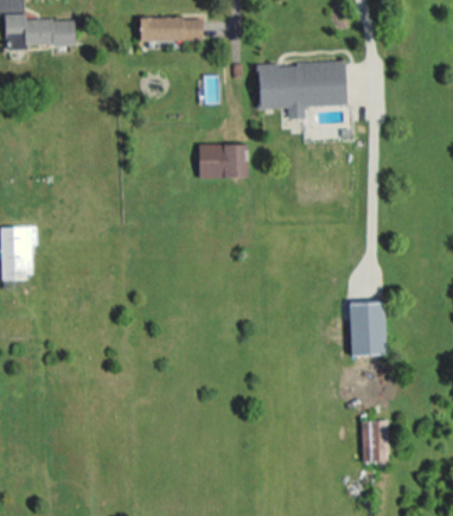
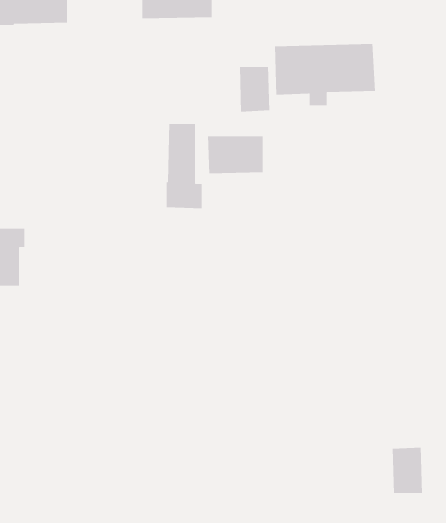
building: none -> [239,66,270,112]
building: none -> [166,123,202,209]
building: [350,301,385,356] -> none

